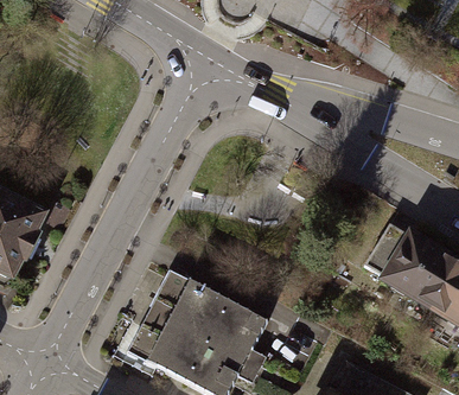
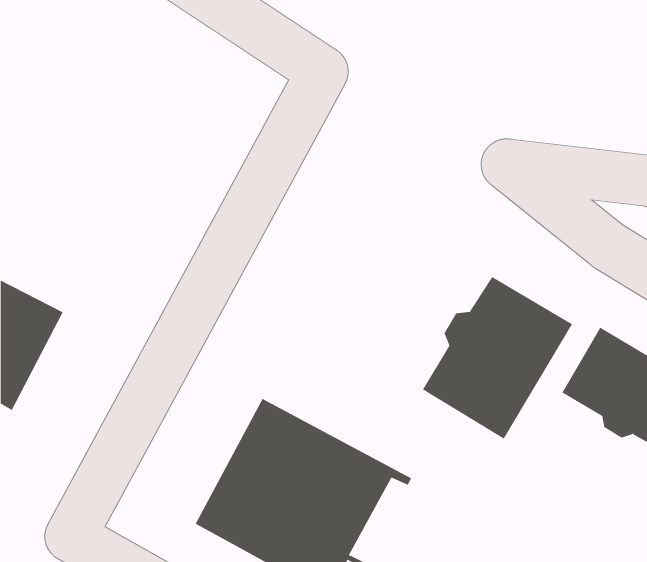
building: none -> [422,276,573,440]

